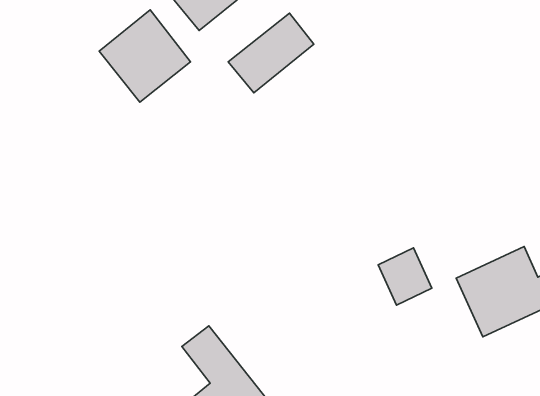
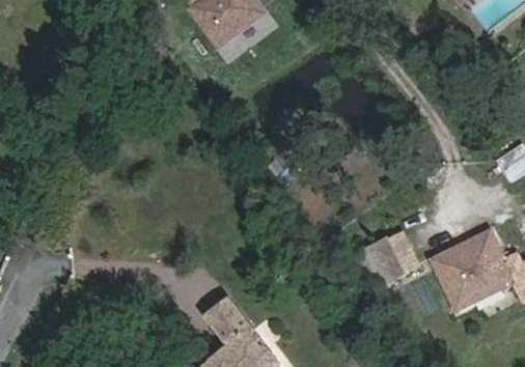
building: [99,10,190,102] -> none
building: [228,13,314,93] -> none

